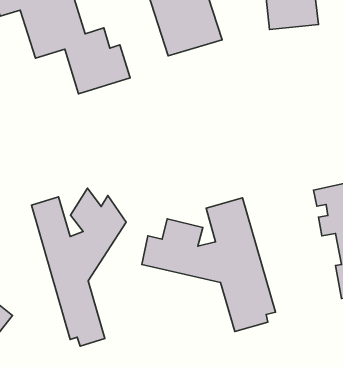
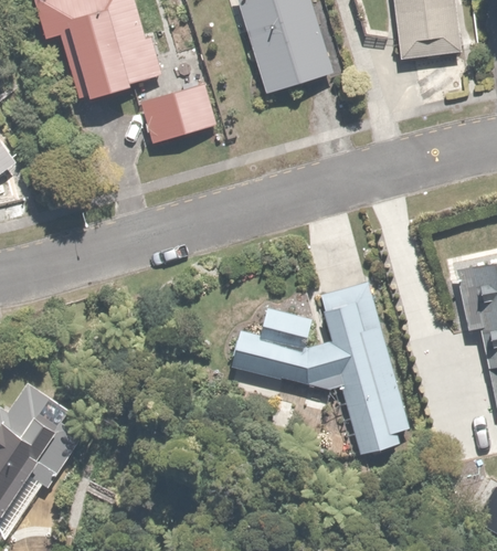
building: [31,188,126,346] -> none

